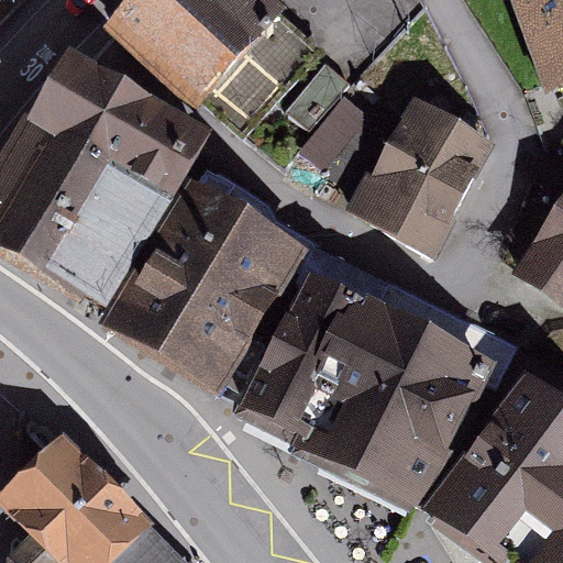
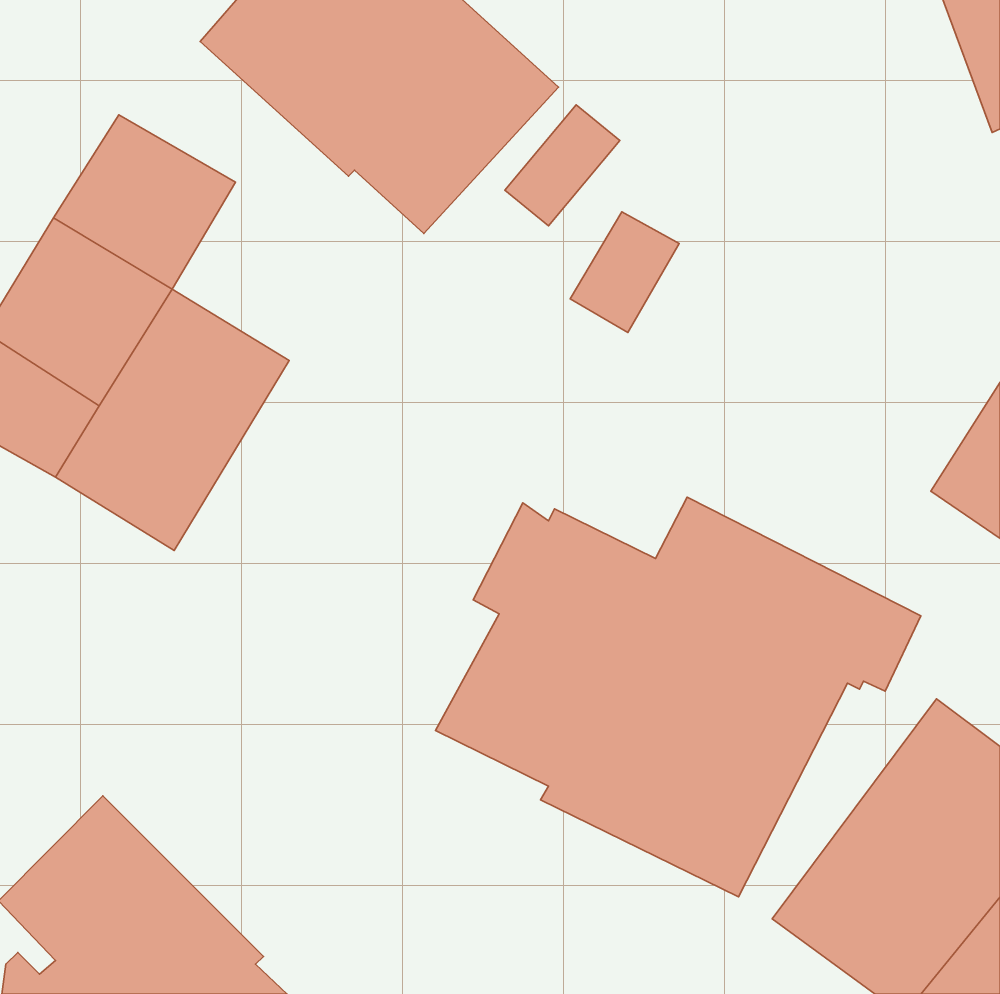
building: [96,101,197,200] -> none
building: [349,104,479,250] -> none
building: [107,168,314,387] -> none

